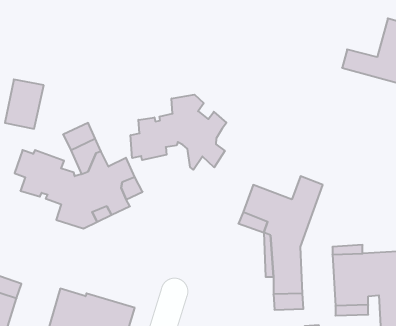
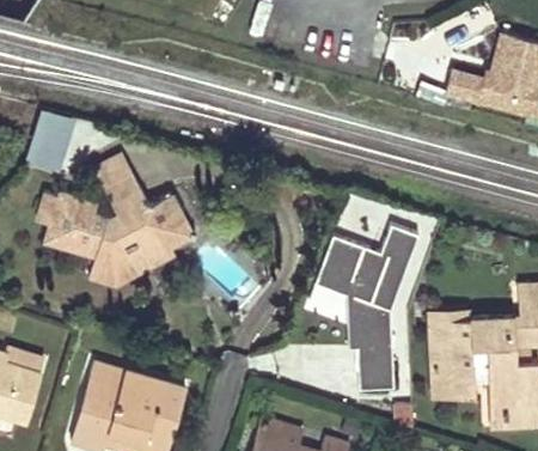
building: [131,95,226,170] -> none

